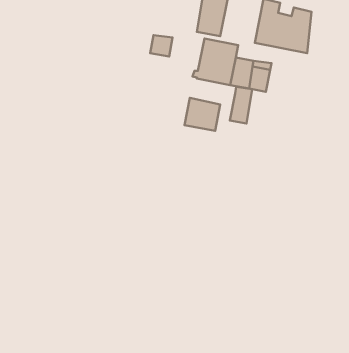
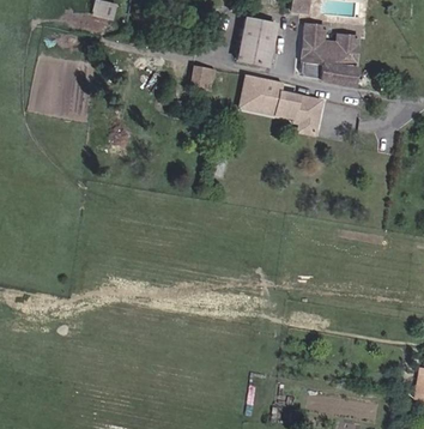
building: [230,87,252,123] -> none
building: [184,98,220,131] -> none

